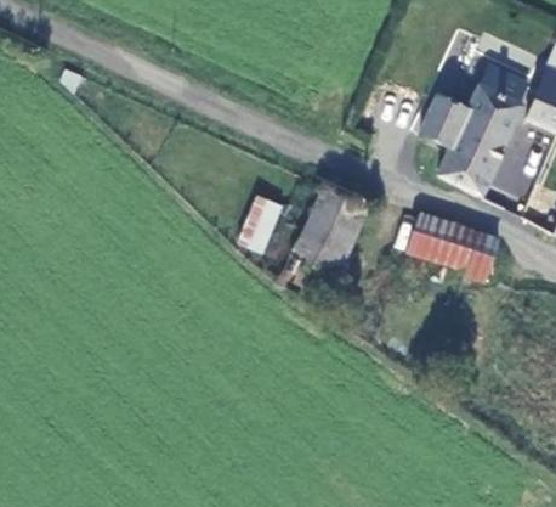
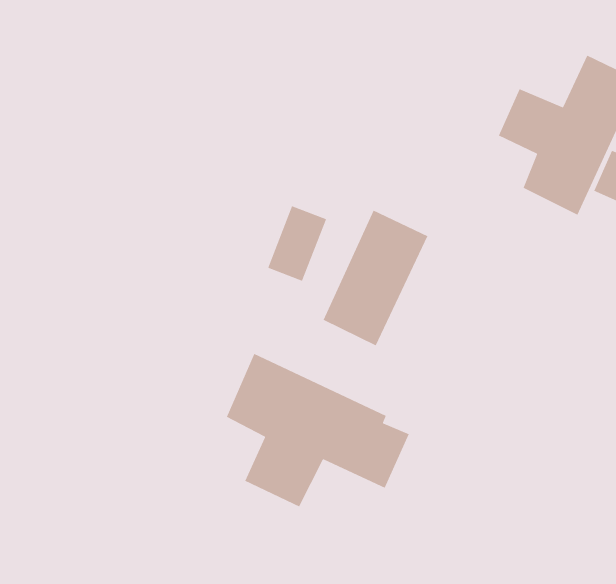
building: [408,213,494,276] -> none
building: none -> [226,353,410,508]

